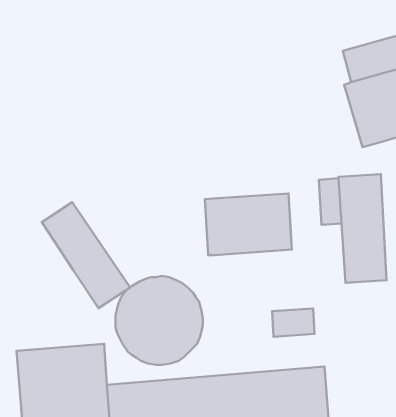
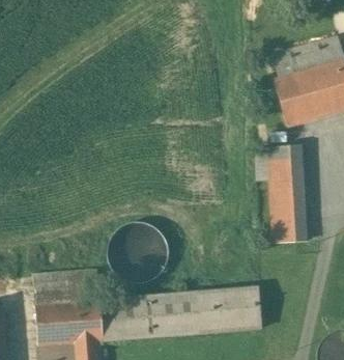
building: [205,194,292,255] -> none
building: [42,202,130,308] -> none
building: [272,308,315,337] -> [275,223,306,244]

